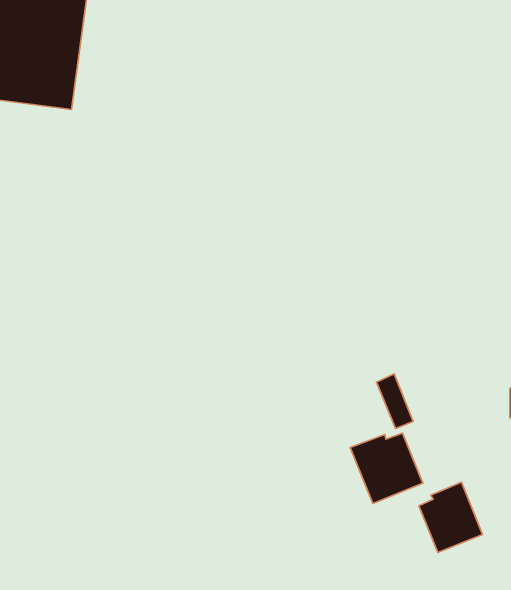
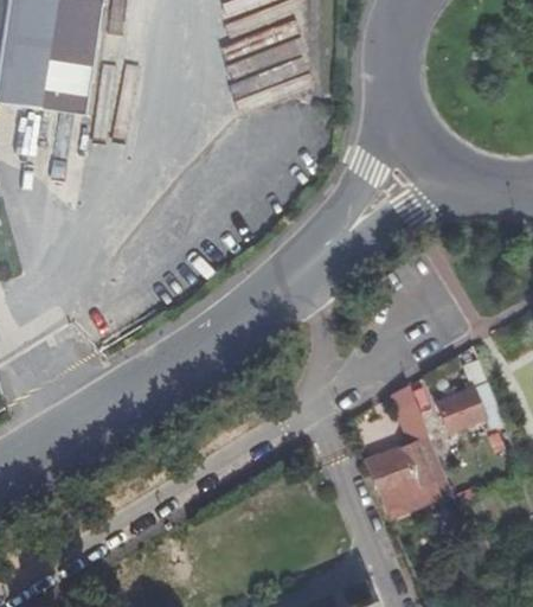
building: none -> [437,378,503,428]
building: [419,482,482,553] -> none

